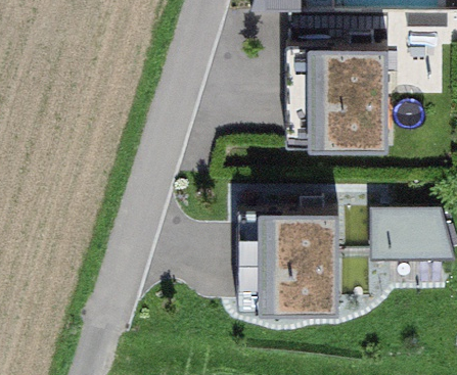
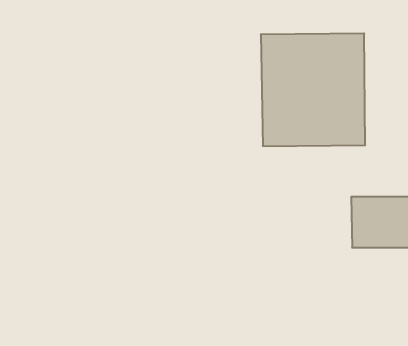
building: [245,213,346,309] -> none

